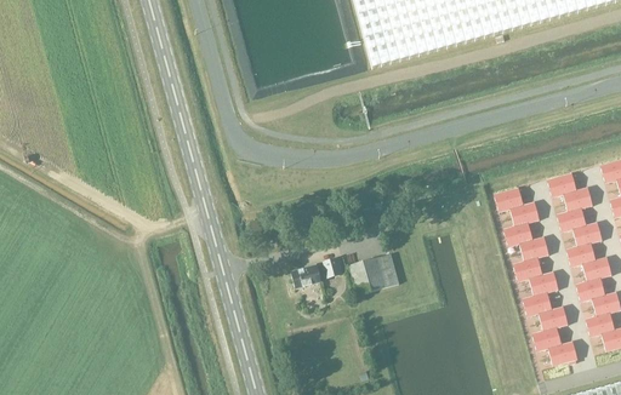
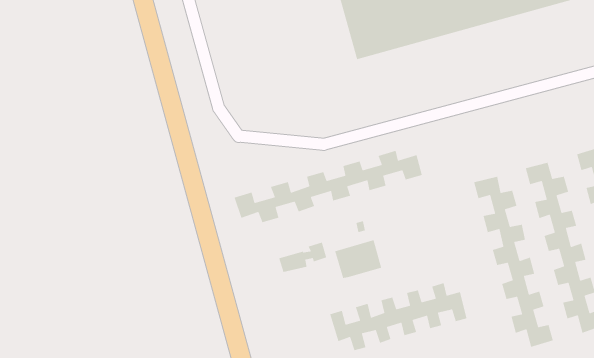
building: none -> [234,150,423,223]
building: none -> [329,282,468,351]

